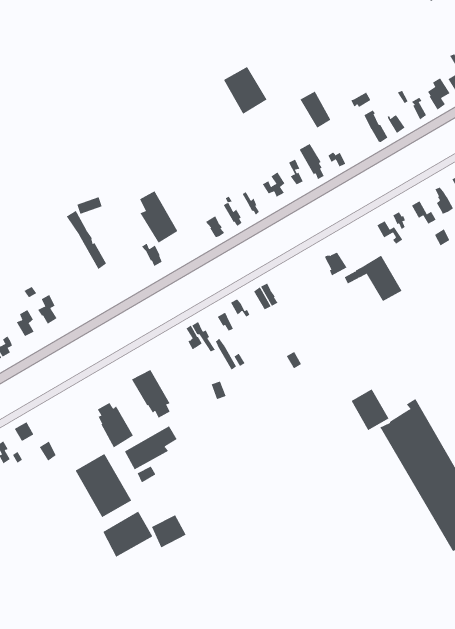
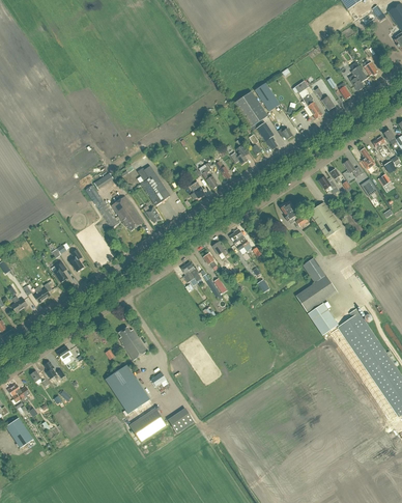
building: [223,66,267,114] -> [234,90,268,127]
building: none -> [111,195,143,230]
building: none -> [294,274,336,311]
building: [131,369,170,419] -> none
building: [124,426,178,470] -> none

